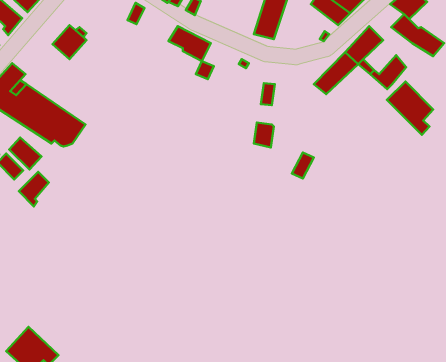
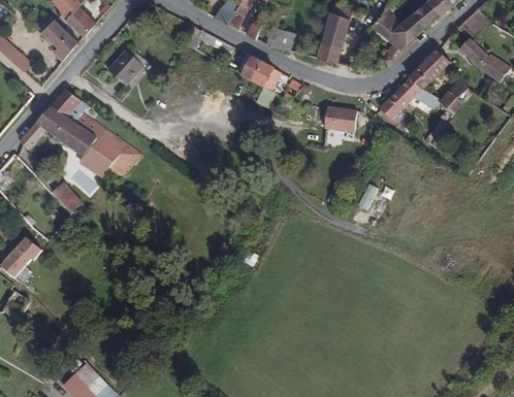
building: none -> [265,29,293,51]
building: [387,82,433,135] -> none
building: [254,122,274,147] -> [334,110,355,136]
building: [19,172,49,207] -> none

